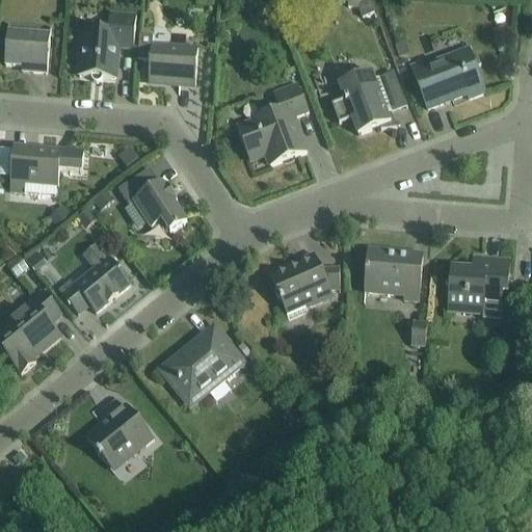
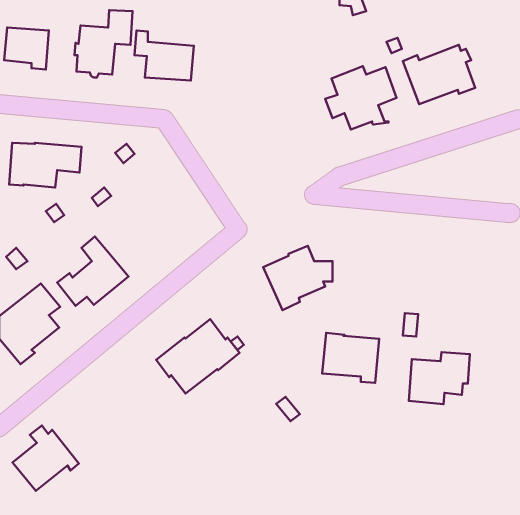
building: [236,80,308,163] -> none
building: [117,165,186,232] -> none
building: [364,247,422,298] -> [322,333,379,383]
building: [447,257,509,310] -> [409,352,470,404]
building: [85,398,153,464] -> [12,426,79,491]

